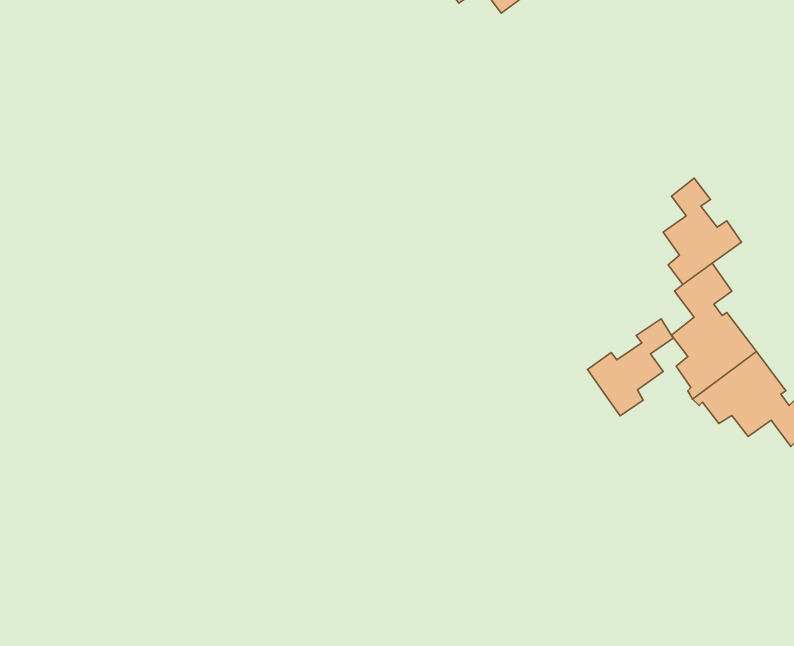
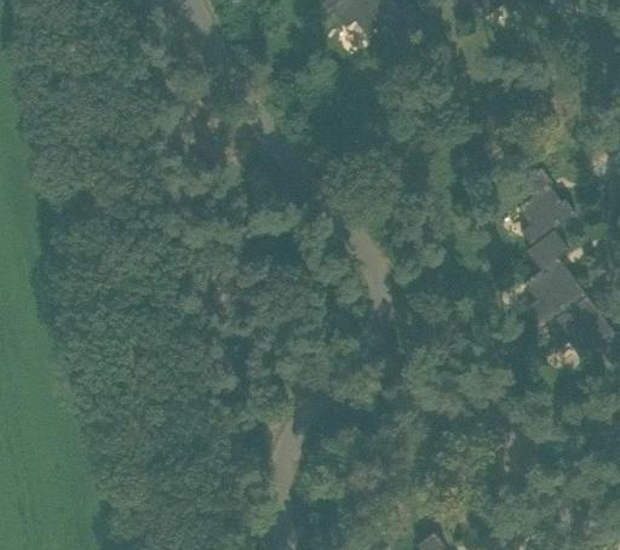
building: [588,319,673,416] -> none

